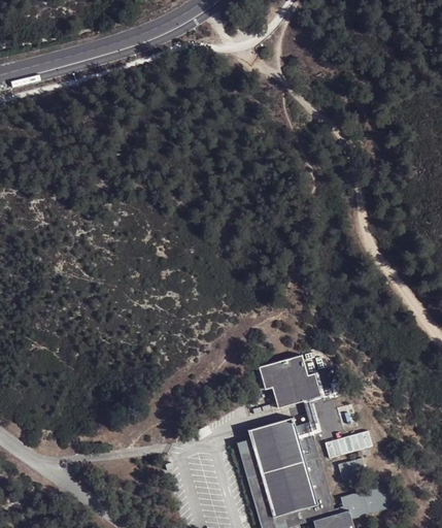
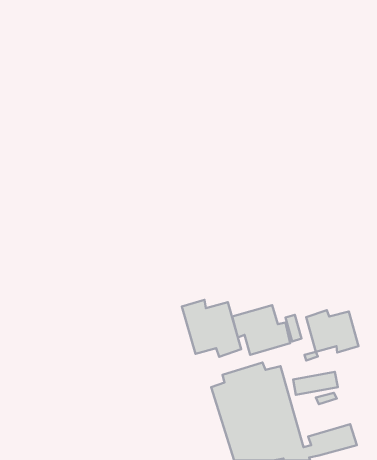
building: none -> [182,300,241,357]
building: none -> [306,310,358,352]

